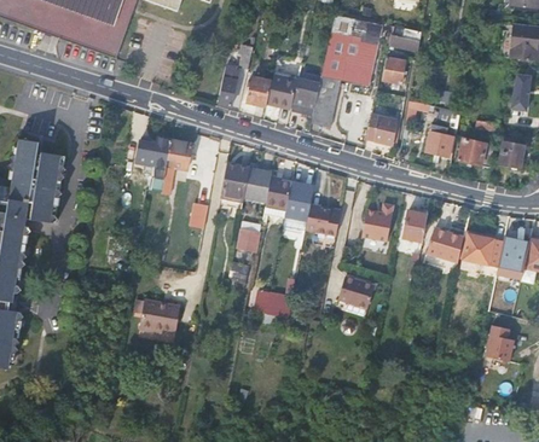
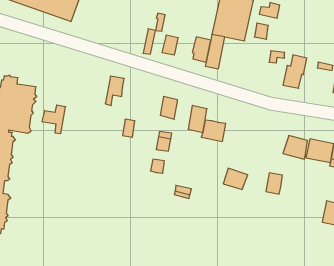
building: [266,75,297,107] -> none
building: [365,115,400,147] -> none
building: [135,136,170,179] -> [42,105,66,134]
building: [458,138,495,167] -> none
building: [221,162,250,203] -> none
building: [265,176,289,207] -> none
building: [363,202,393,240] -> none
building: [402,210,427,242] -> [266,173,282,194]
building: [140,299,180,332] -> none

